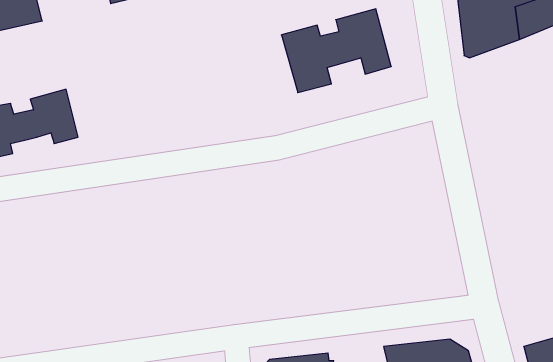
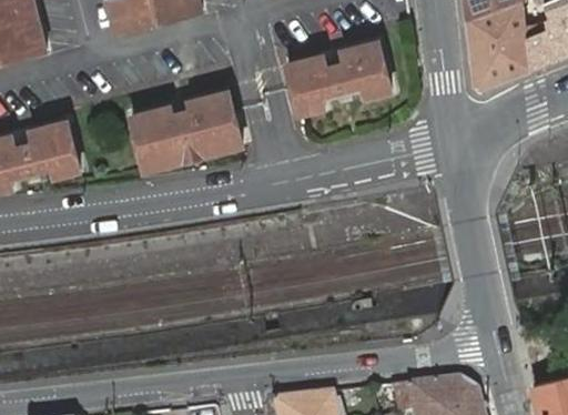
building: none -> [132,89,248,174]

